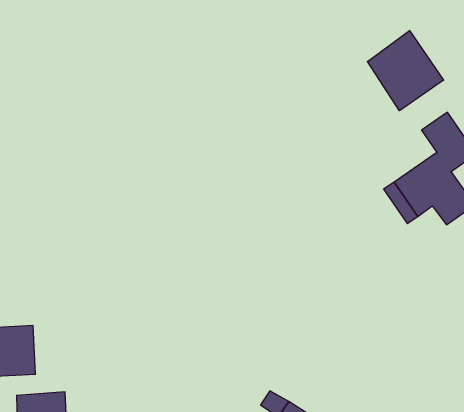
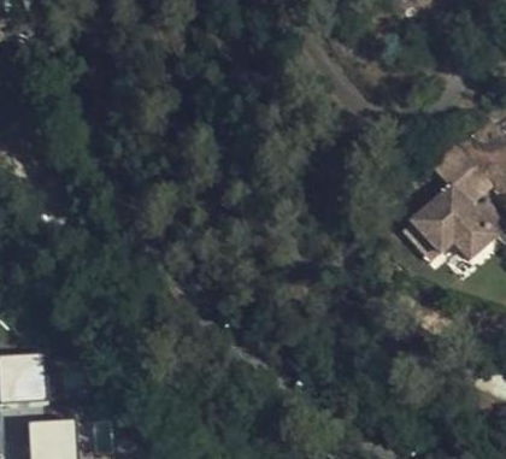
building: [367,31,444,111] -> none

